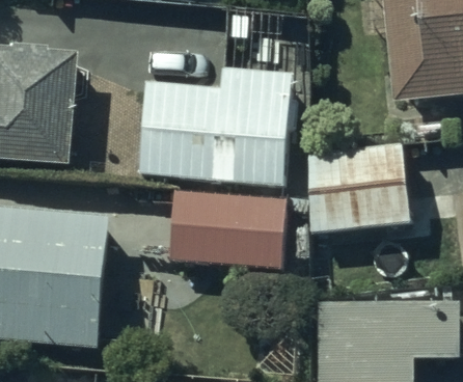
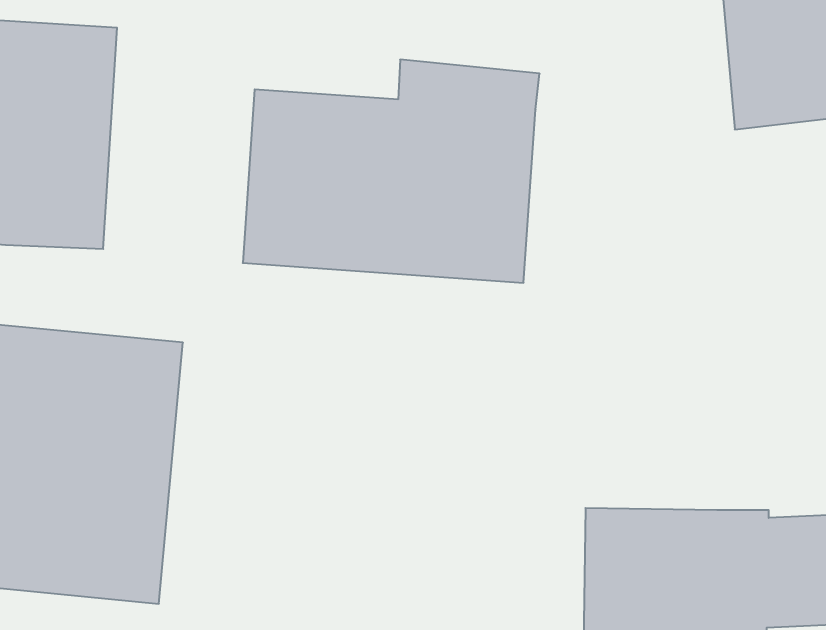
building: [310,145,411,231] -> none
building: [166,189,287,268] -> none

